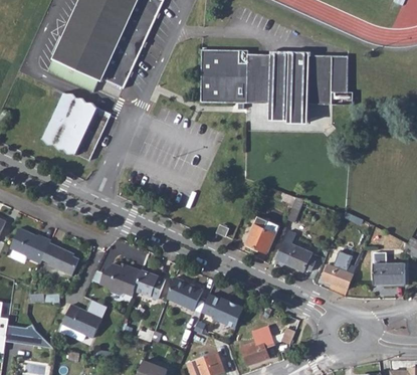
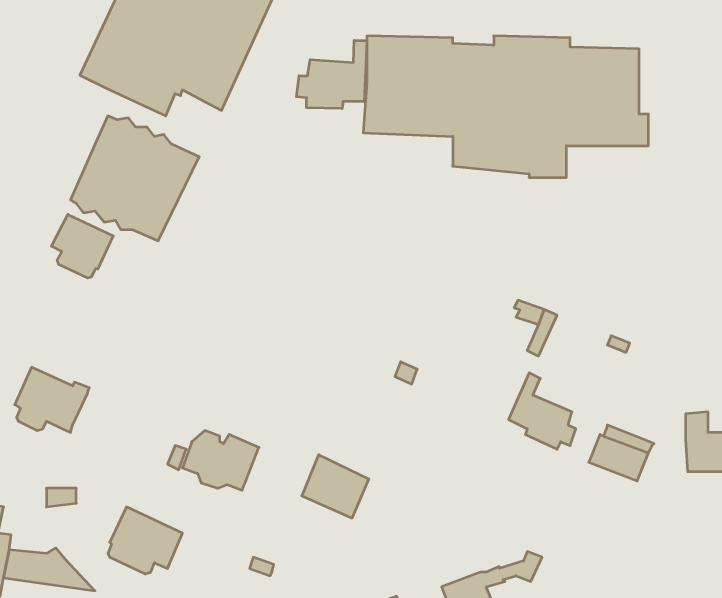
building: none -> [296,40,367,109]
building: none -> [51,214,113,278]
building: [244,224,274,252] -> none
building: [41,241,79,274] -> none
building: [135,268,164,299] -> none
building: [201,294,242,327] -> none

